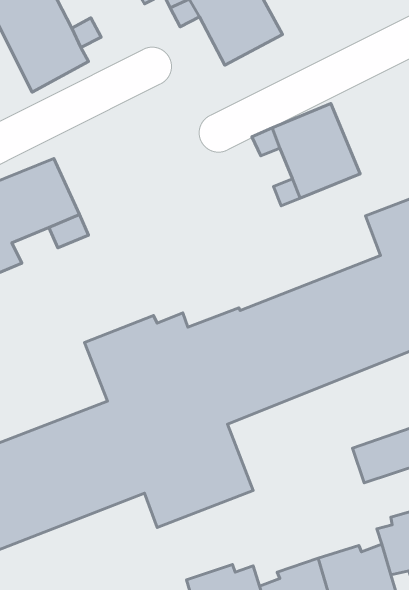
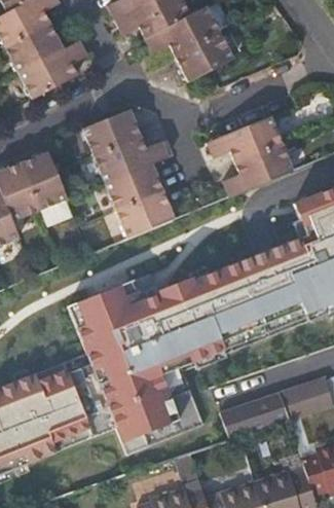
building: none -> [80,105,173,237]
building: none -> [228,389,295,436]

